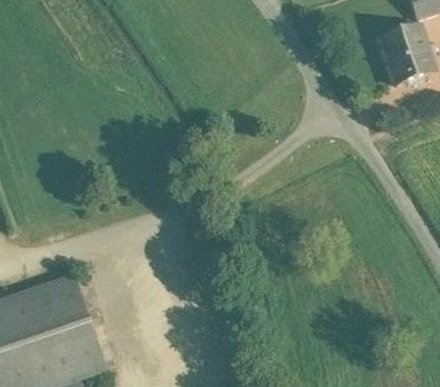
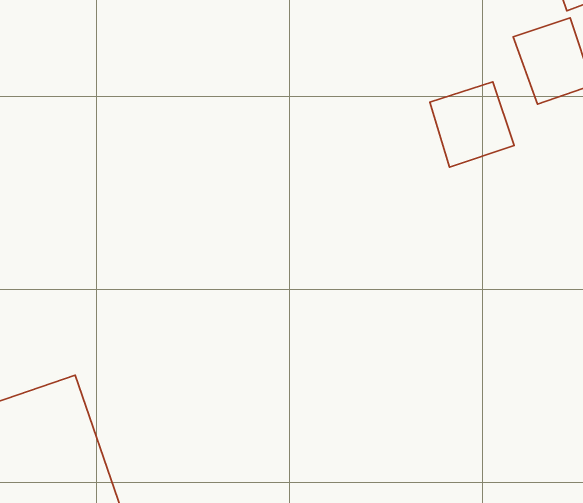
building: none -> [430,82,514,167]

